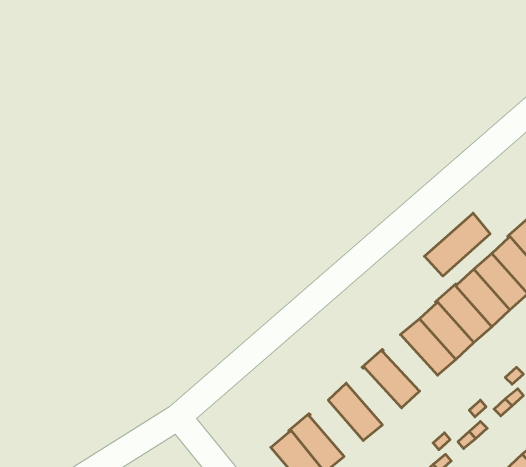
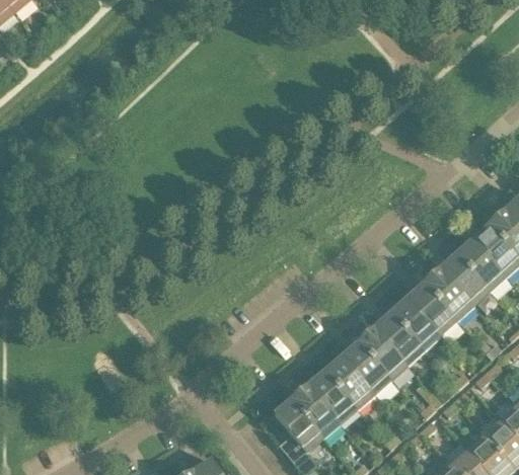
building: [424,213,490,276] -> none
building: none -> [373,313,423,364]
building: none -> [341,342,390,394]
building: none -> [307,372,356,422]

